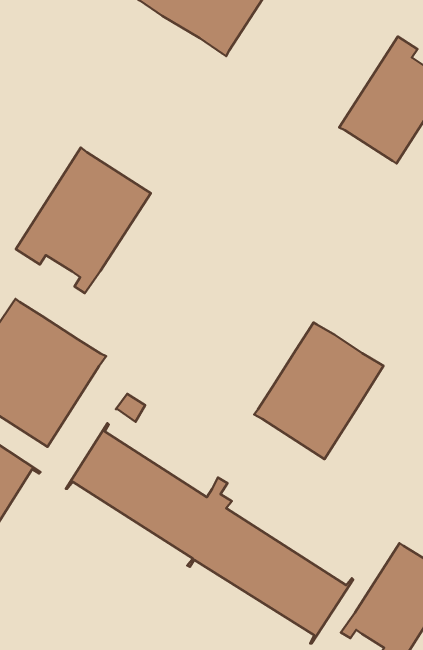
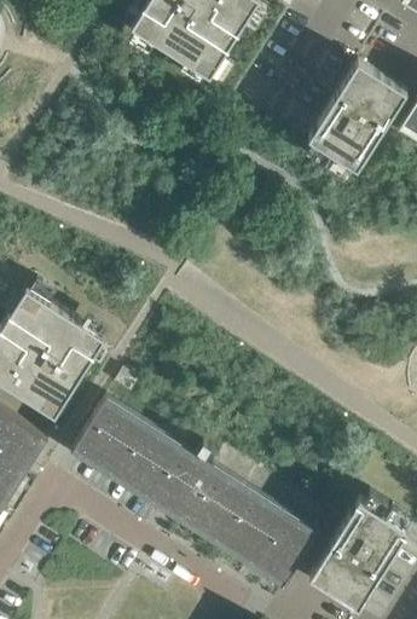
building: [16,148,151,293] -> none
building: [254,322,384,459] -> none

